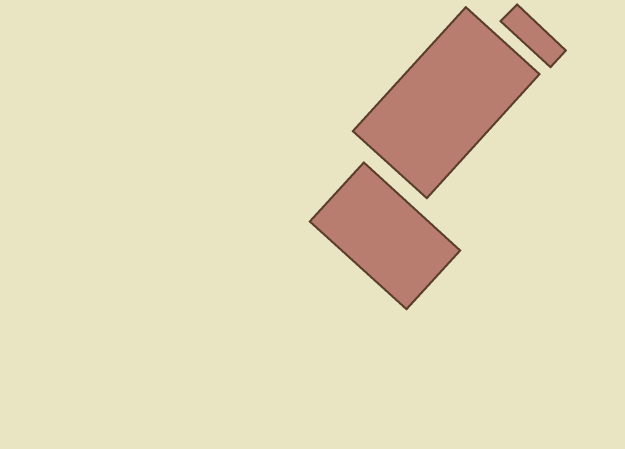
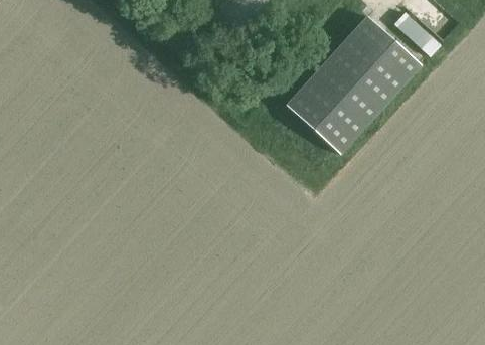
building: [310,163,460,309] -> none

